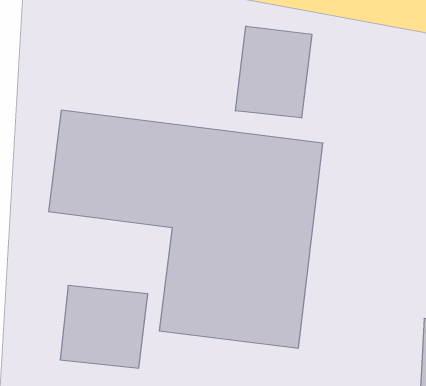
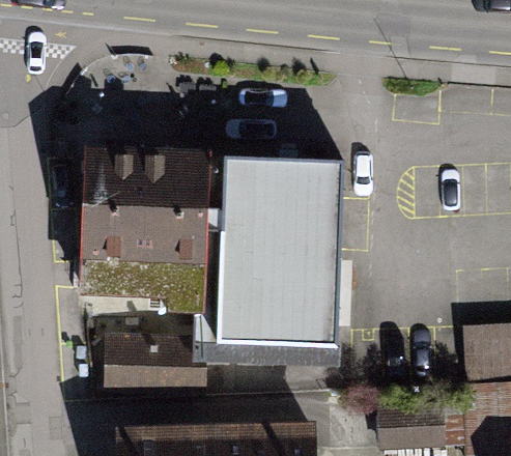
building: [235,26,312,118] -> none

